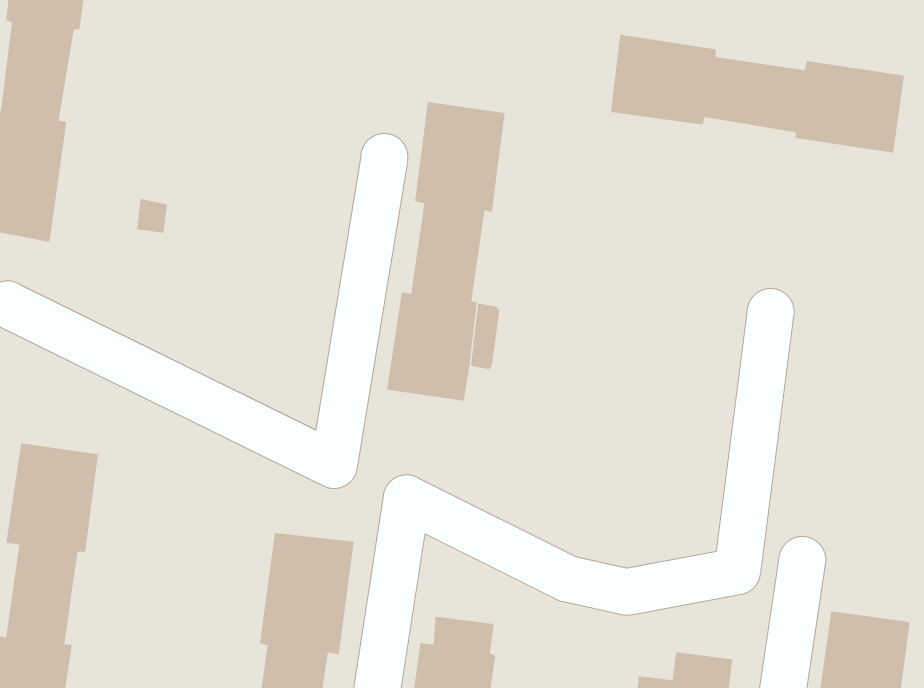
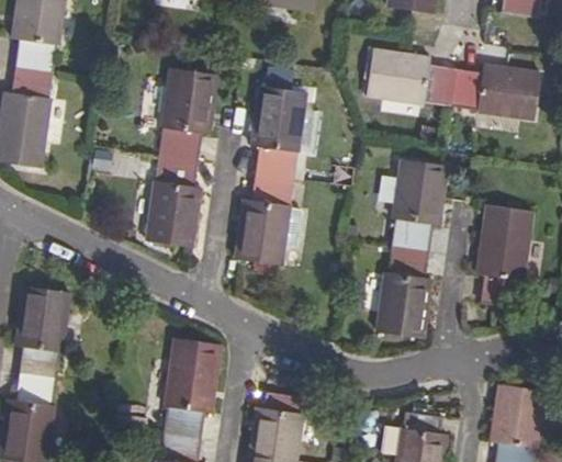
building: none -> [145,68,214,245]
building: none -> [378,161,448,337]
building: none -> [477,205,536,307]

